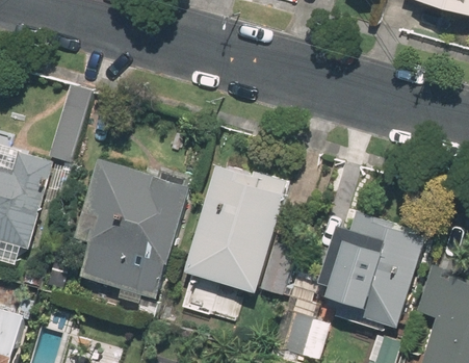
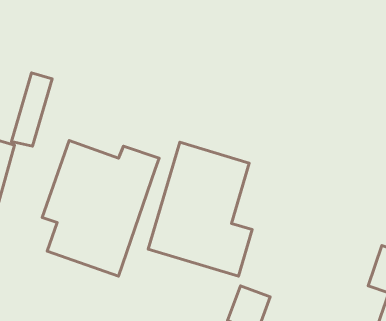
building: [317,214,427,335] -> none

